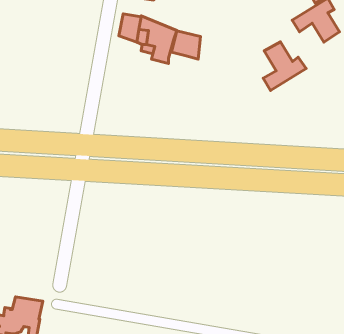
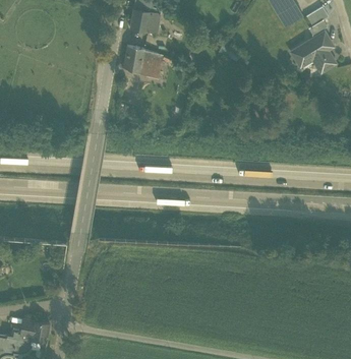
building: [171,31,200,59] -> none
building: [263,42,306,90] -> none

